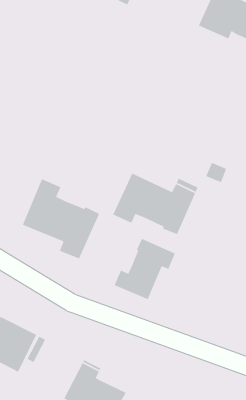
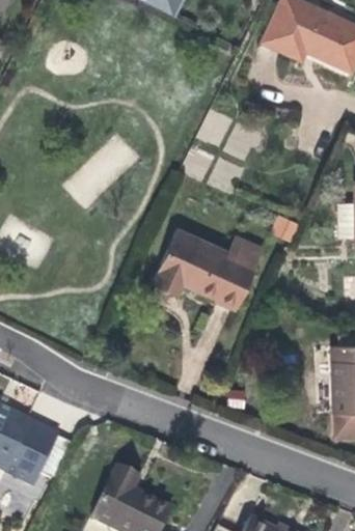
building: [22,178,100,260] -> none
building: [114,238,176,300] -> none

